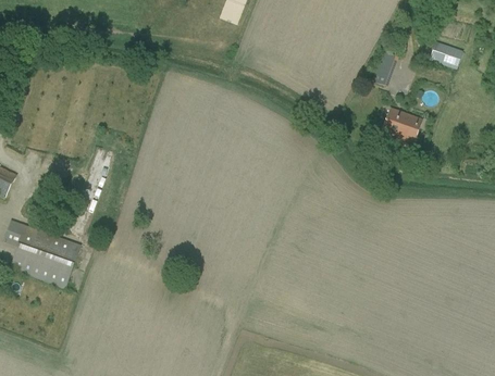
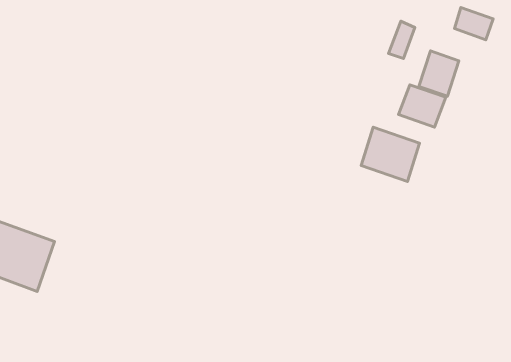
building: none -> [419,51,459,96]
building: none -> [361,127,420,181]

